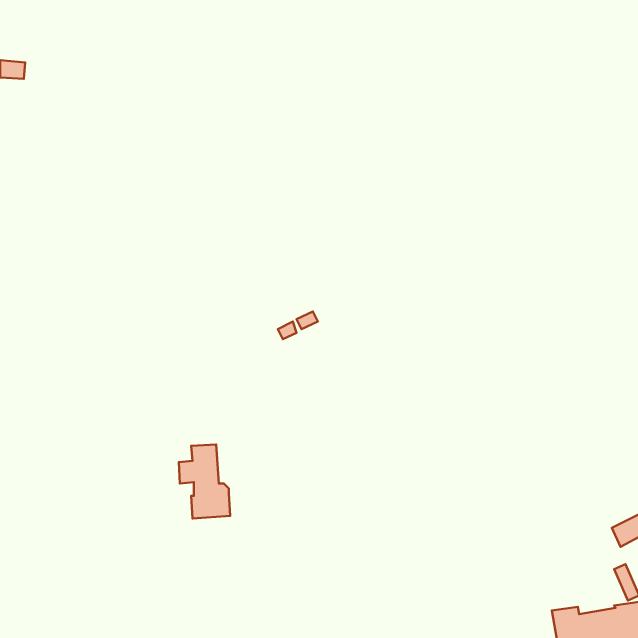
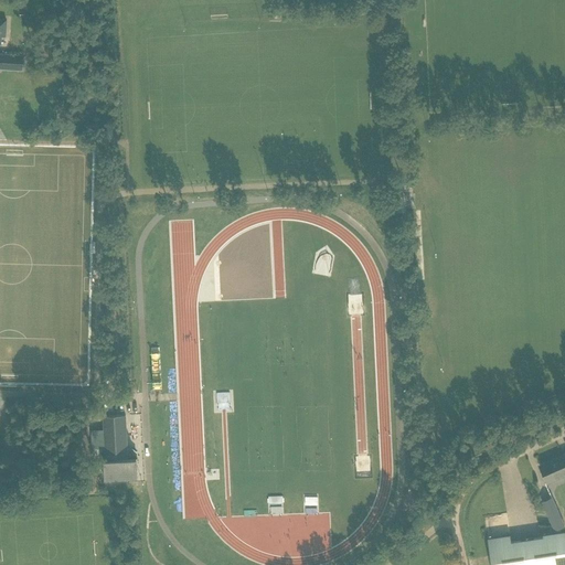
building: [179,445,230,518] -> [93,416,138,481]

